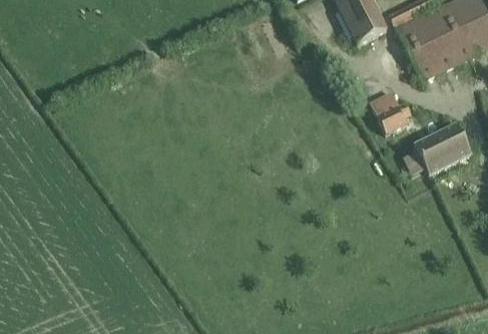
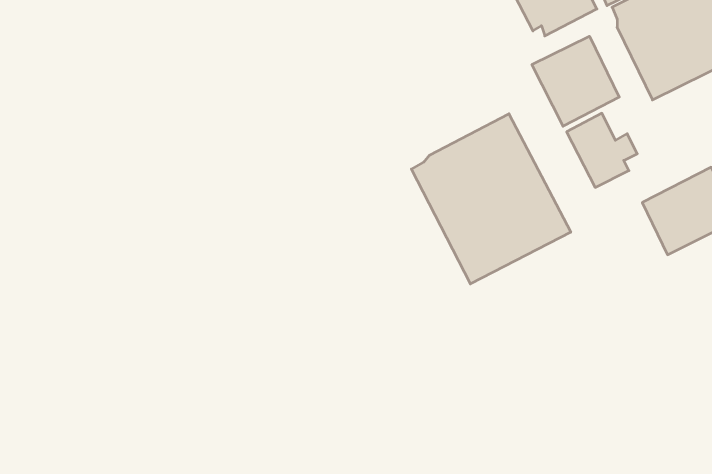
building: none -> [532,36,619,126]
building: none -> [411,114,571,284]

